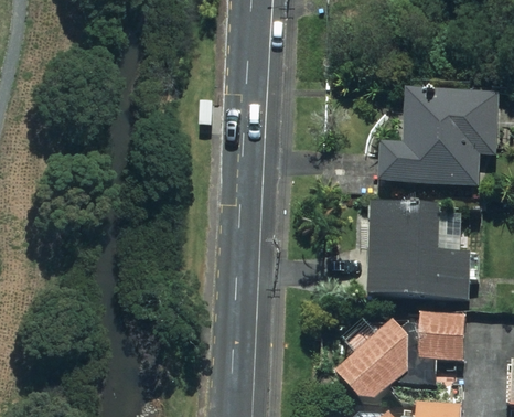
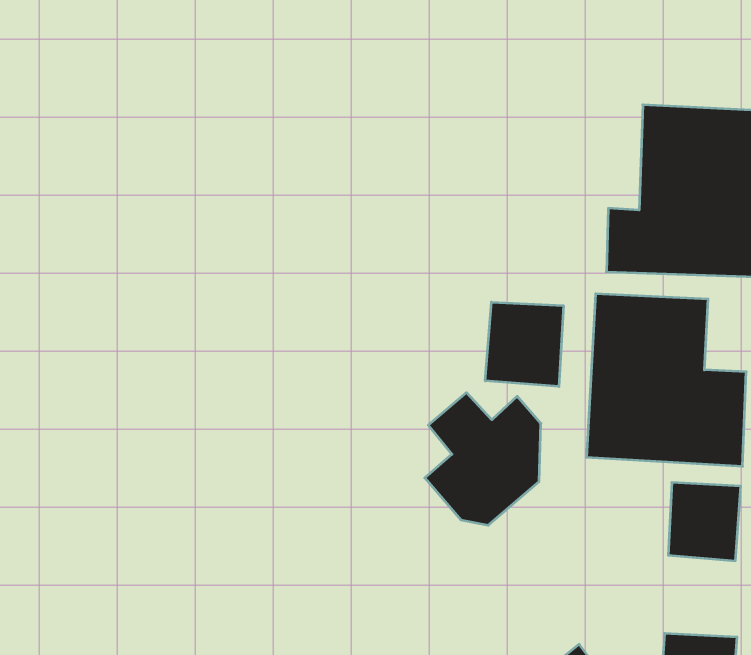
building: none -> [485,302,563,387]
building: [340,320,410,400] -> [425,393,541,525]

